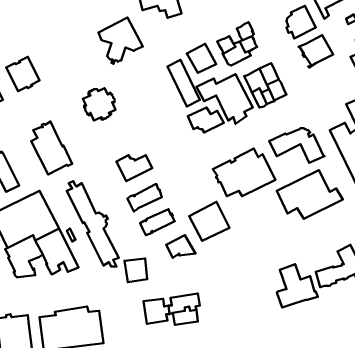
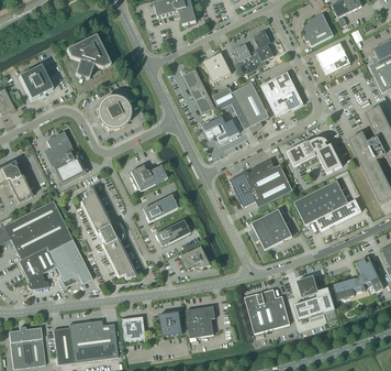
building: [98,17,143,64] -> [66,33,111,80]
building: [189,202,229,241] -> [250,208,291,248]
building: [124,259,147,282] -> [121,316,144,340]
building: none -> [244,288,290,332]

